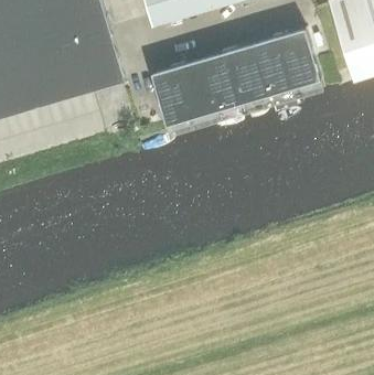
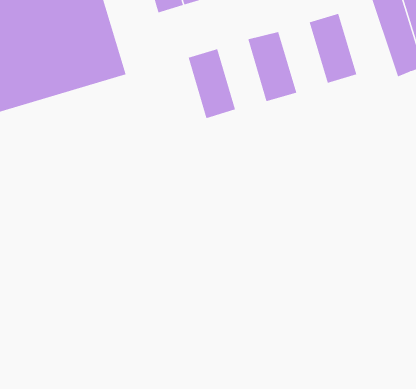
building: [254,34,295,94] -> none
building: [202,49,243,108] -> none
building: [151,64,192,124] -> none

